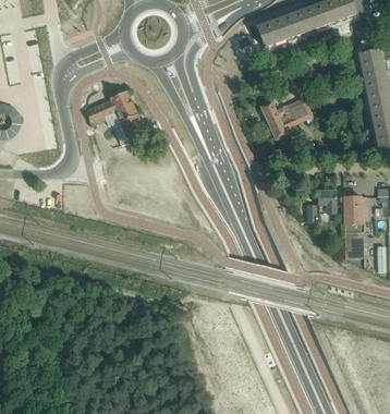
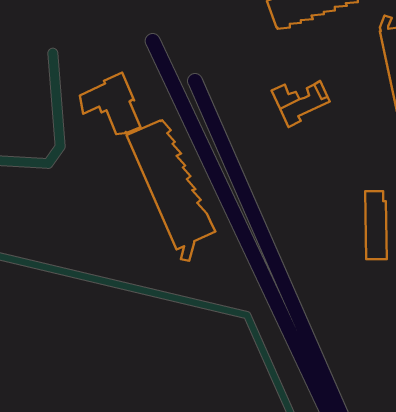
building: none -> [127,120,215,261]
building: [306,190,336,222] -> none

